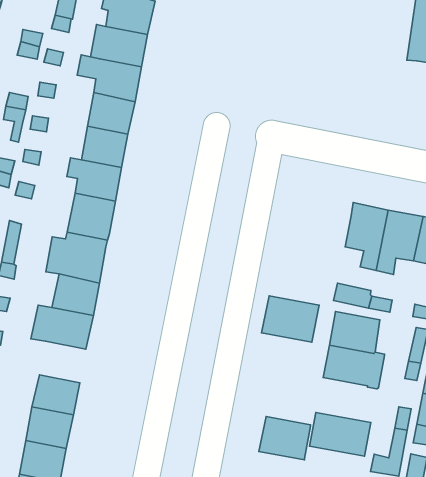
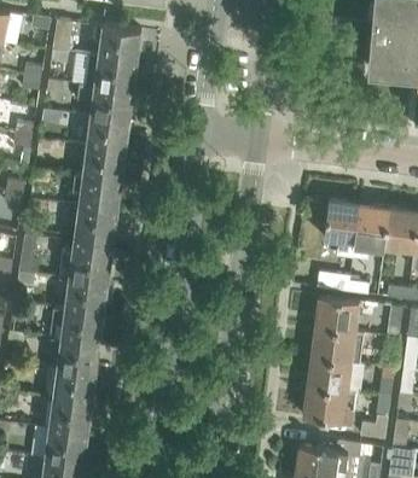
building: [262,296,319,342] -> none
building: none -> [58,339,98,374]
building: [259,417,311,460] -> [306,356,350,392]

